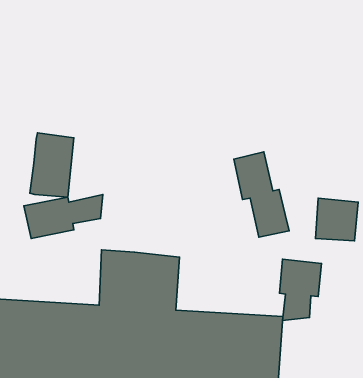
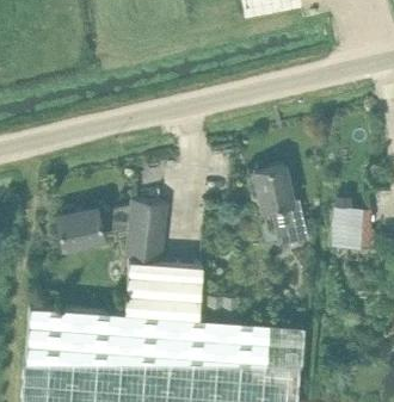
building: [30,133,74,197] -> [125,198,167,259]
building: [280,259,321,320] -> none

